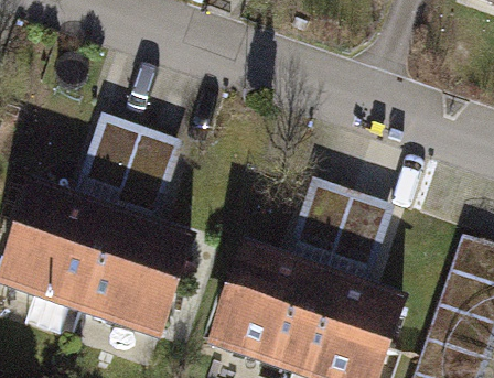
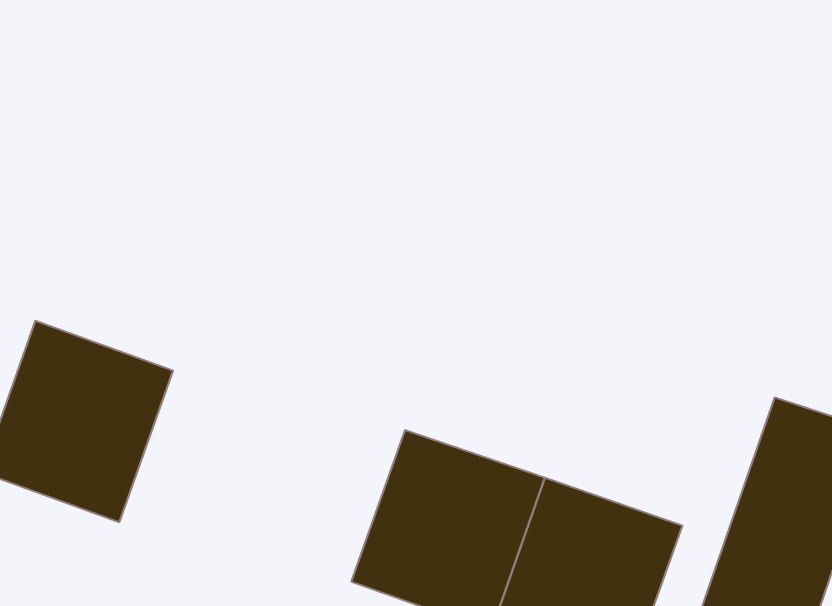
building: [84,123,176,207] -> none
building: [297,186,389,270] -> none
building: [79,222,191,337] -> none

